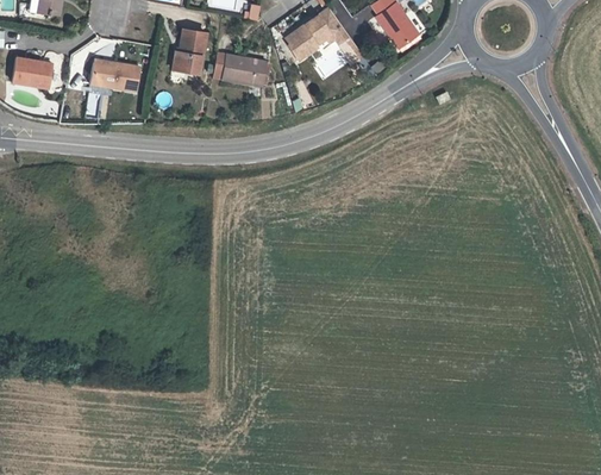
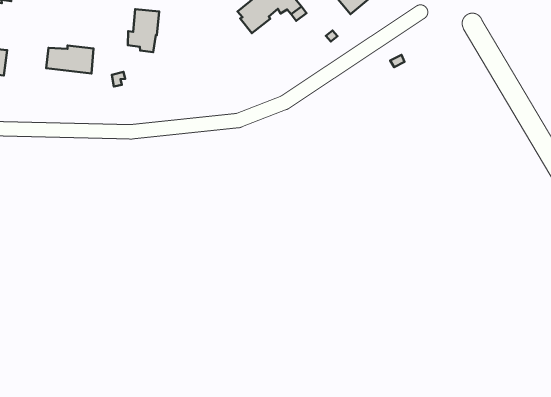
building: [214,52,267,86] -> none

